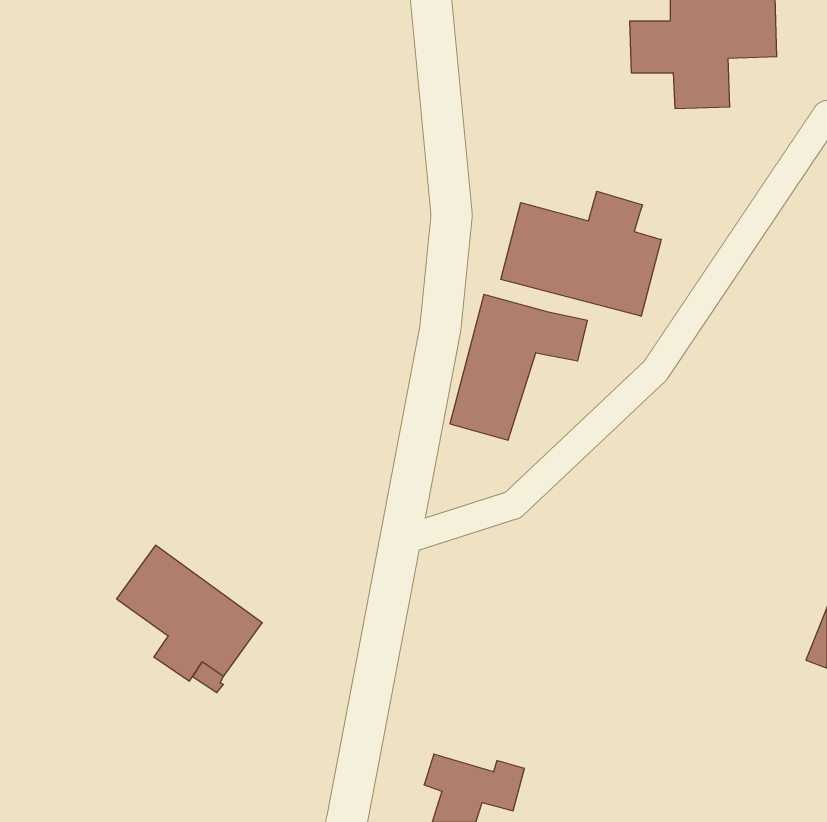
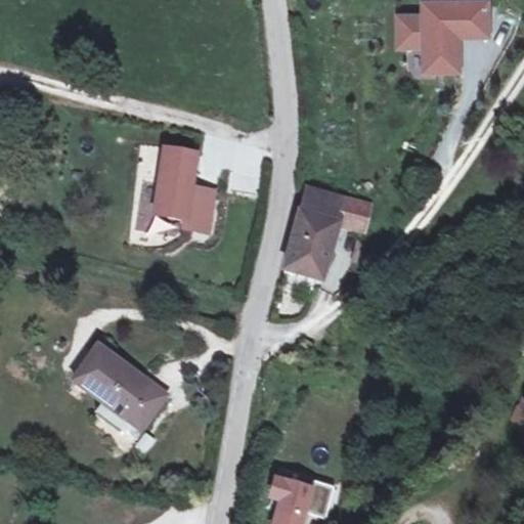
building: [501,191,661,316] -> none
building: none -> [155,146,214,230]

